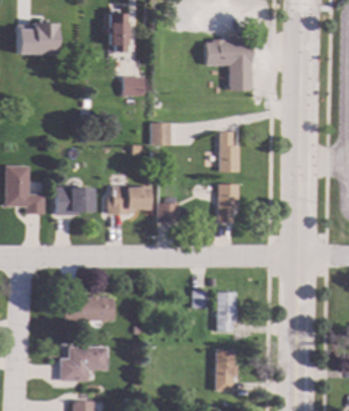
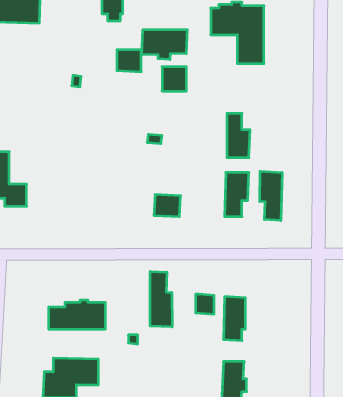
building: none -> [142,30,187,60]
building: [150,123,171,144] -> [162,67,186,91]
building: none -> [260,171,282,221]
building: [108,187,150,215] -> none
building: [56,188,94,216] -> none
building: none -> [150,271,172,327]

